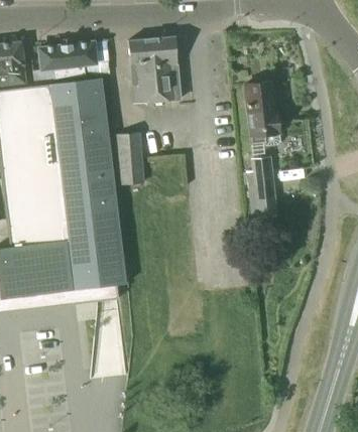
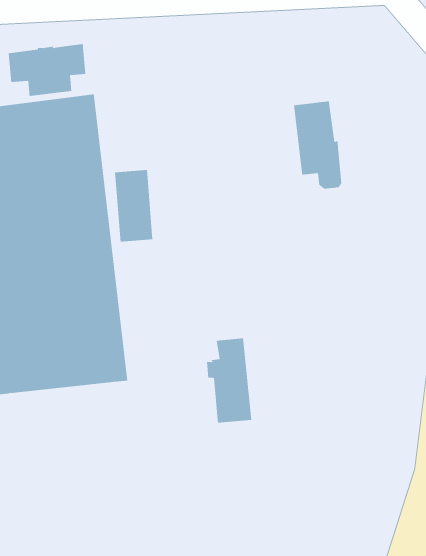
building: [128,36,182,105] -> none
building: [243,156,276,218] -> [206,338,252,423]

